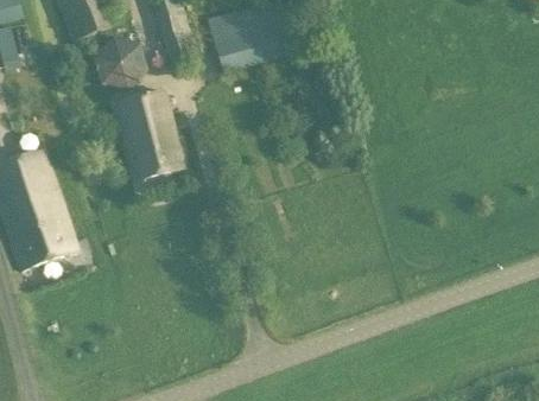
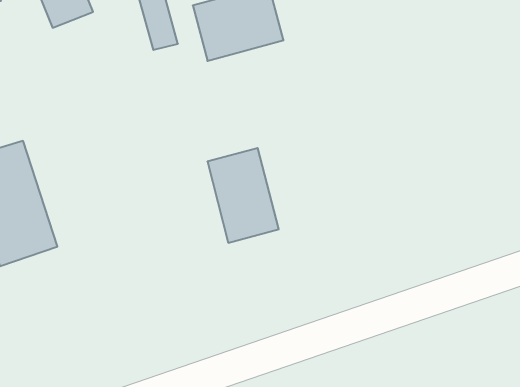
building: [96,36,146,85] -> none
building: [116,89,185,180] -> [207,148,279,243]

